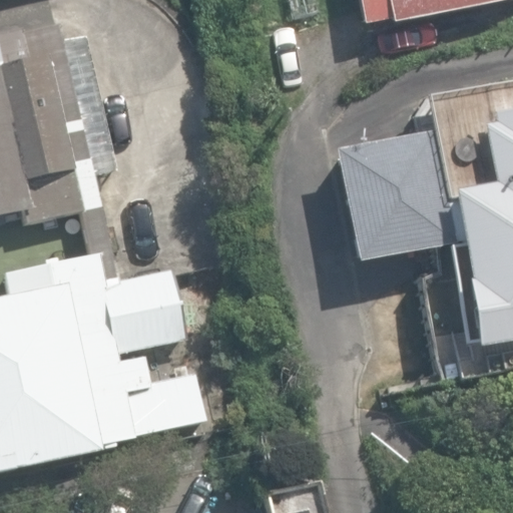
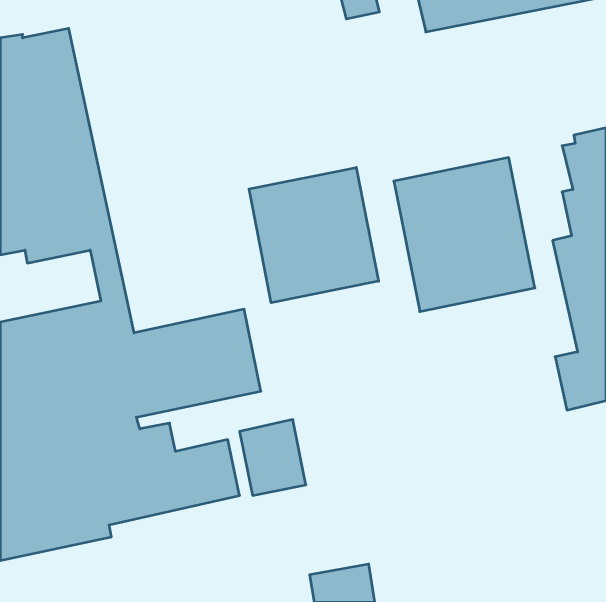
building: none -> [249,167,379,303]

